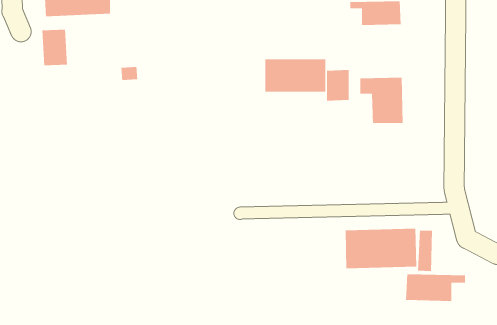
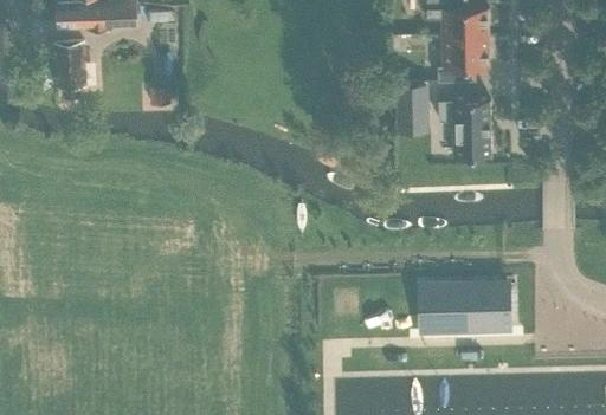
building: none -> [436,37,488,80]
building: [264,58,326,93] -> none
building: [405,273,466,302] -> none

